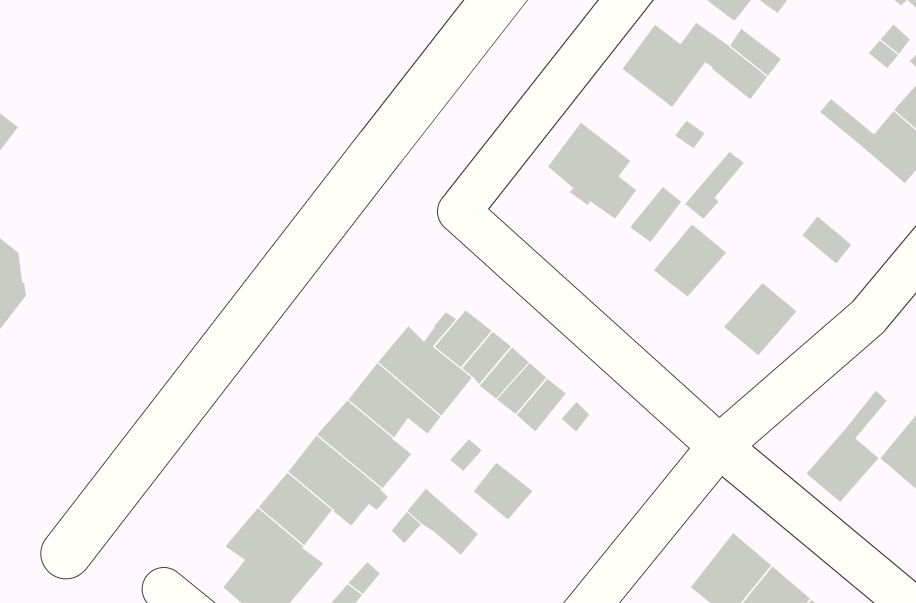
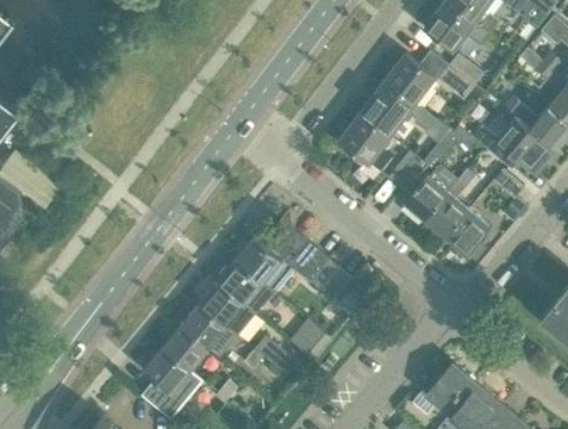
building: none -> [358,81,414,137]
building: none -> [472,107,556,174]
building: [805,390,887,503] -> [424,169,474,238]

